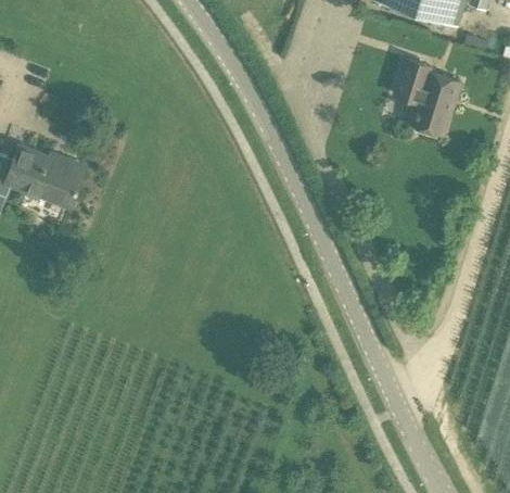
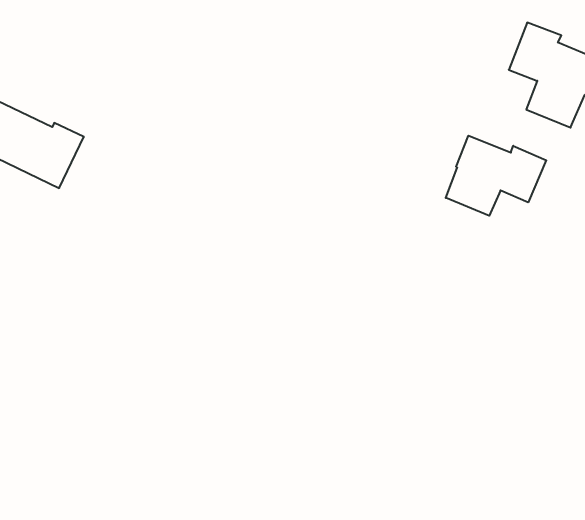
building: none -> [446,136,546,216]

